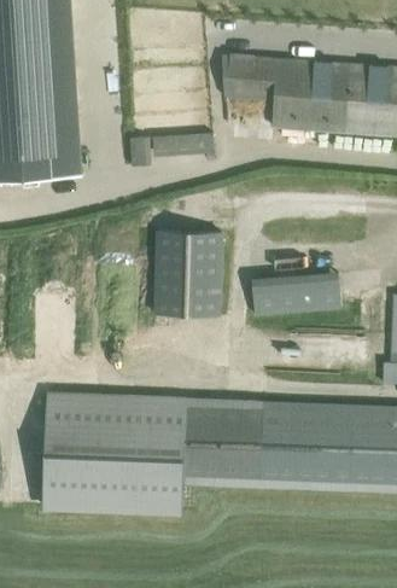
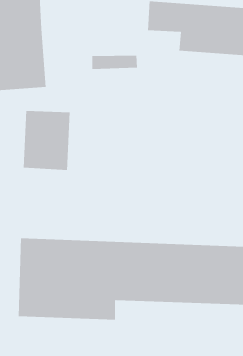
building: [154,229,222,315] -> [23,110,70,171]
building: [245,274,338,316] -> none

